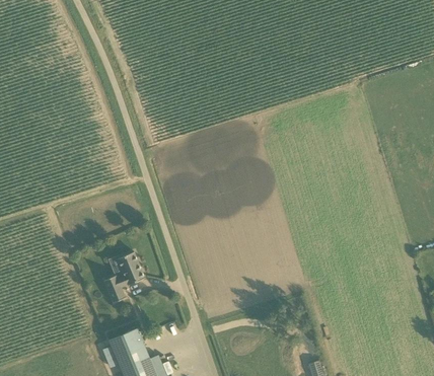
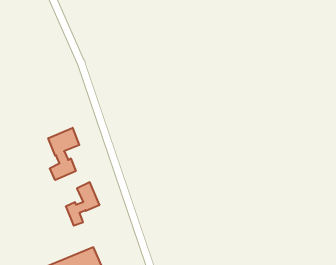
building: none -> [48,128,79,180]

